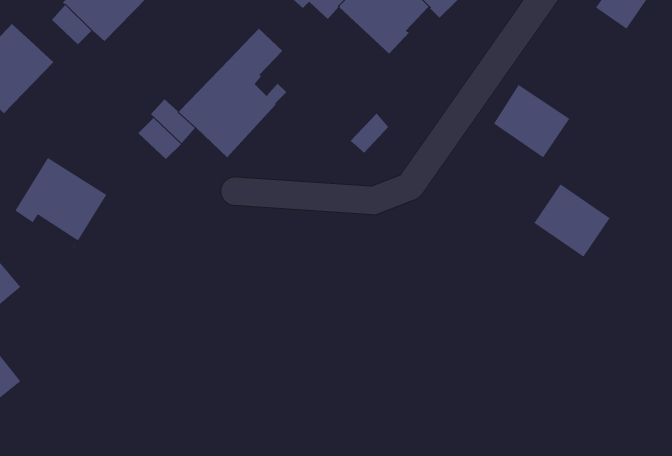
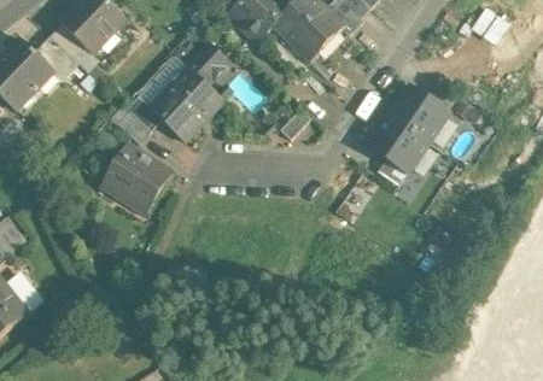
building: none -> [35,37,78,76]
building: [14,157,107,248] -> [101,145,173,215]
building: [533,184,610,257] -> [369,117,428,174]

